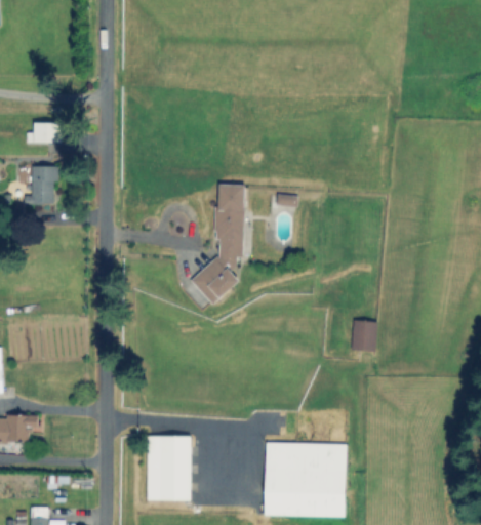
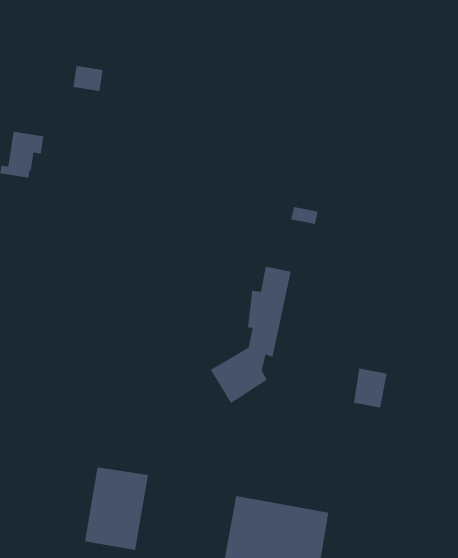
building: [35,123,58,142] -> [72,66,103,91]
building: [191,186,246,305] -> [210,266,291,404]

